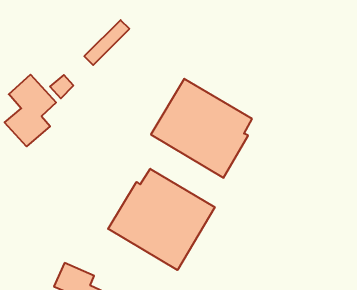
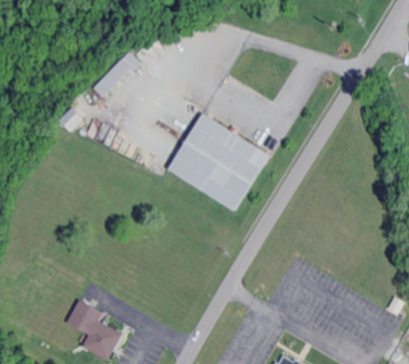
building: [5,75,56,146] -> none
building: [108,169,215,270] -> none

